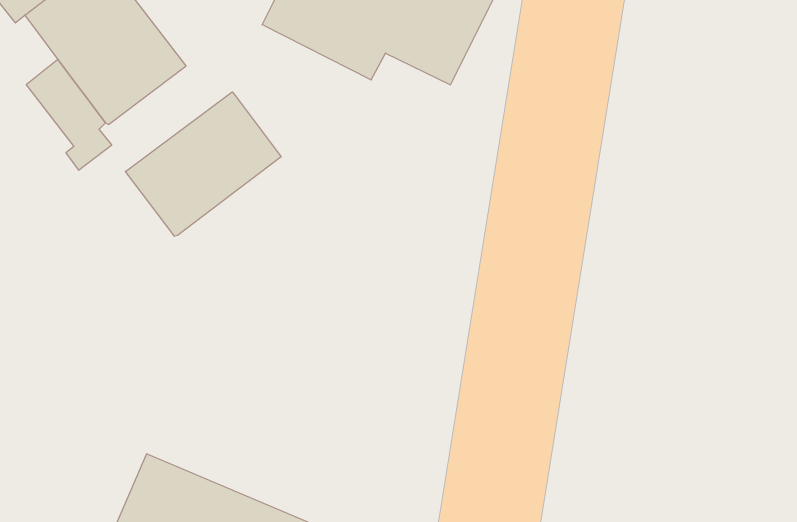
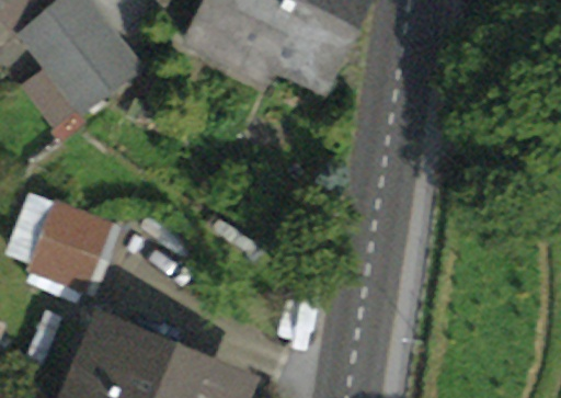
building: [125,92,281,236] -> none
building: none -> [27,204,115,293]

